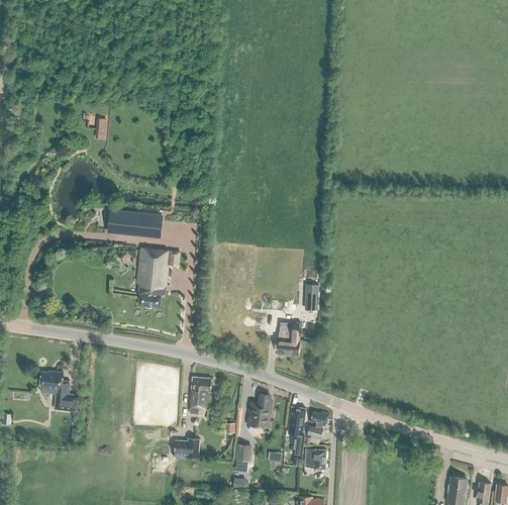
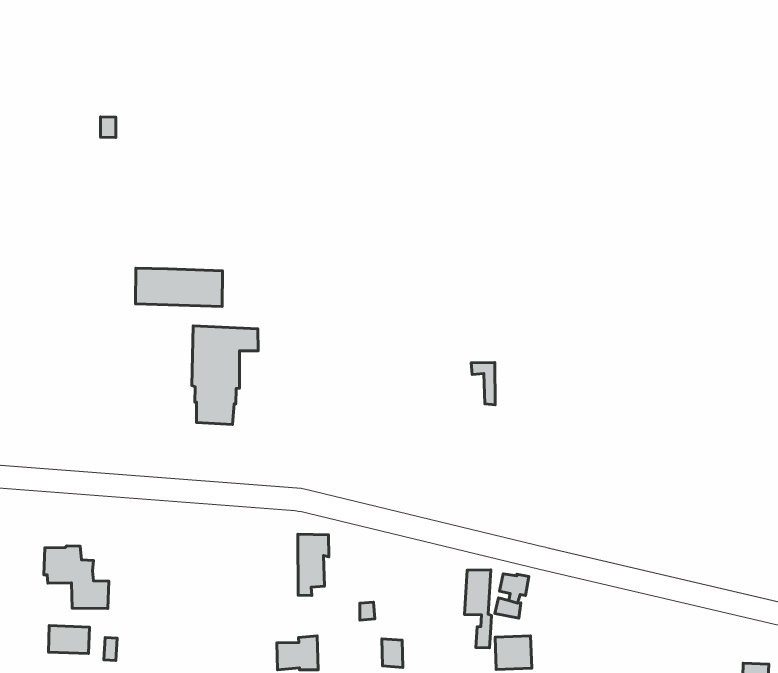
building: [276,321,300,355] -> none
building: [246,393,271,426] -> none
building: none -> [48,626,89,654]

